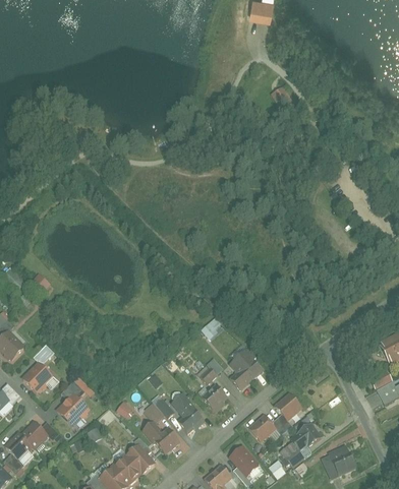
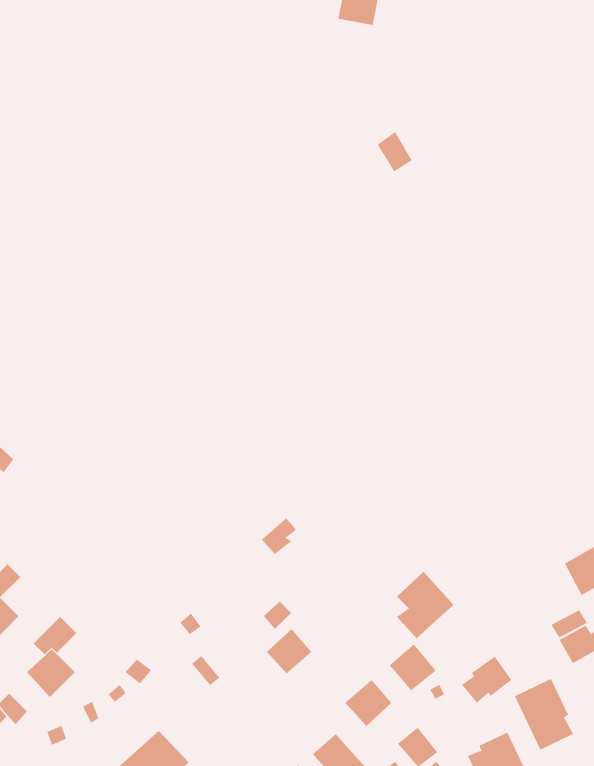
building: [228,349,263,389] -> [396,571,454,639]
building: [171,393,204,433] -> none
building: none -> [514,678,574,750]
building: [142,420,180,454] -> none
building: [290,422,321,450] -> [461,656,512,704]

